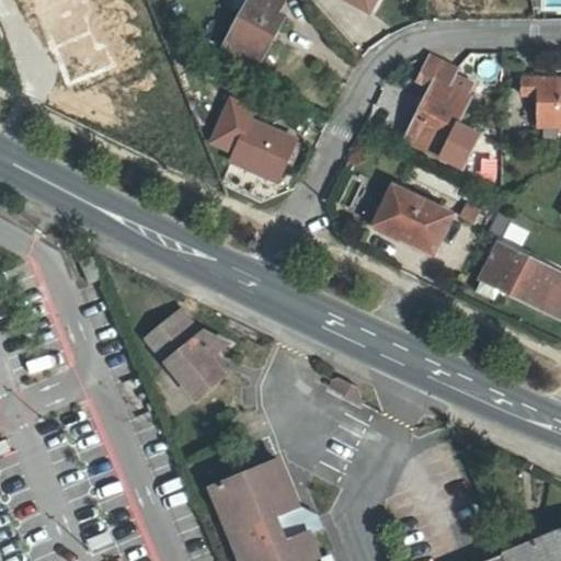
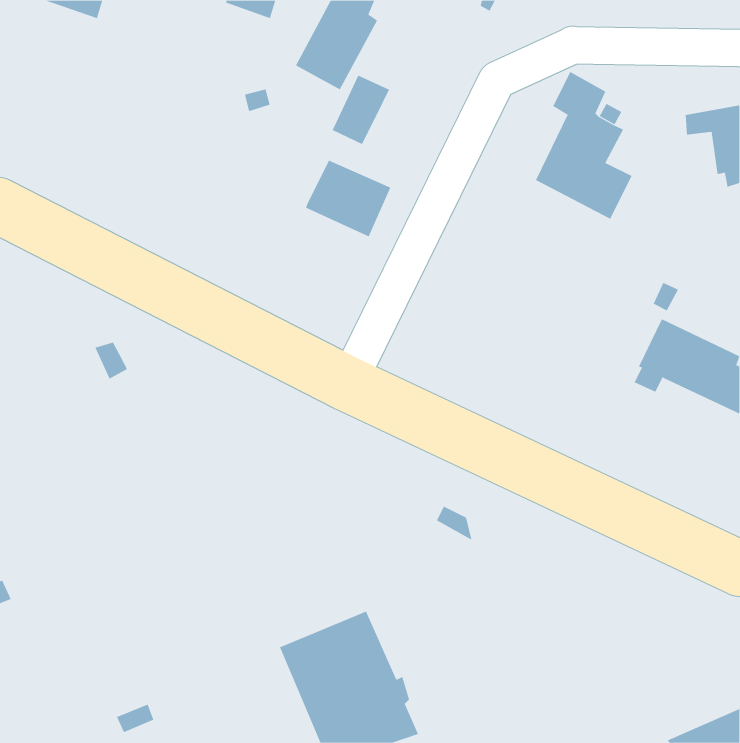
building: [208,101,252,153] -> [332,75,390,145]
building: [375,184,450,250] -> none
building: [144,310,221,399] -> none

